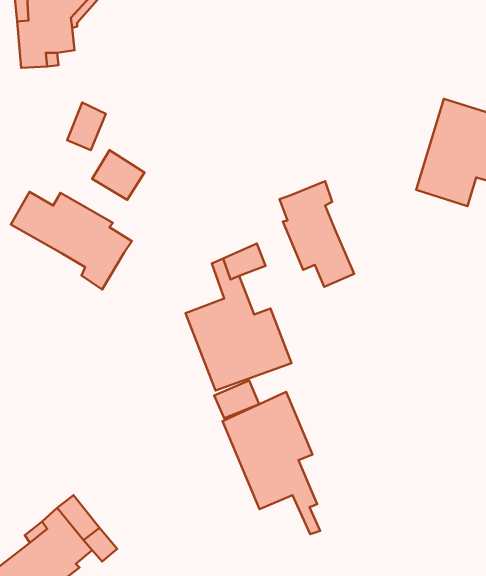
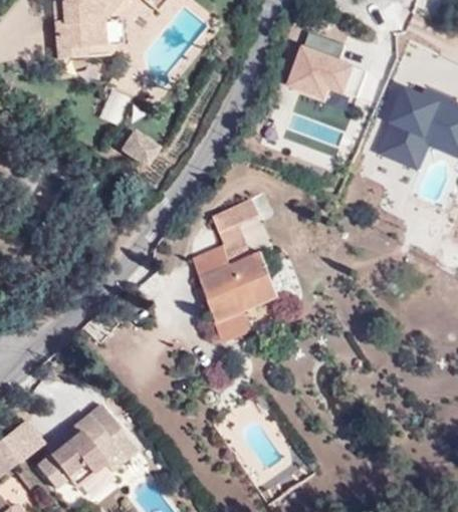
building: none -> [287,34,374,103]
building: [279,181,354,287] -> none
building: [11,192,132,290] -> none
building: [223,392,320,534] -> none

